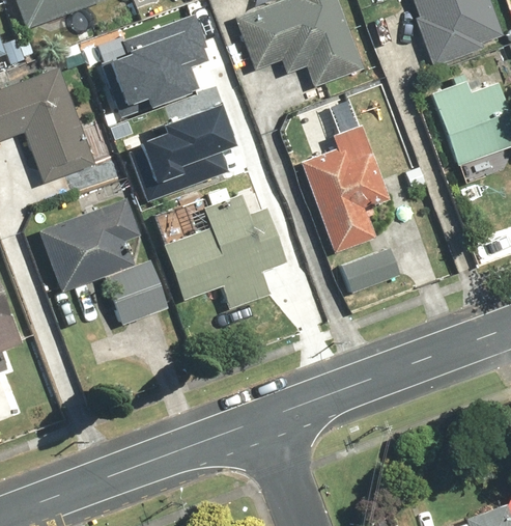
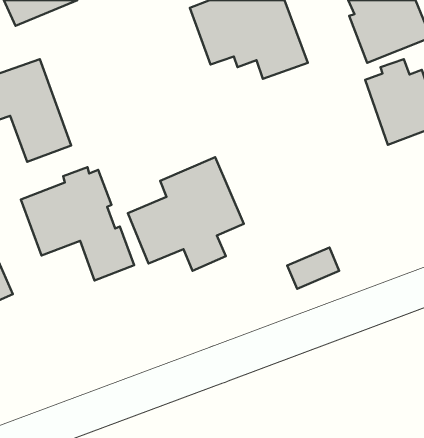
building: [106,12,200,108] -> none
building: [129,100,235,192] -> none
building: [300,102,391,252] -> none
building: [341,247,401,295] -> [287,247,339,289]

